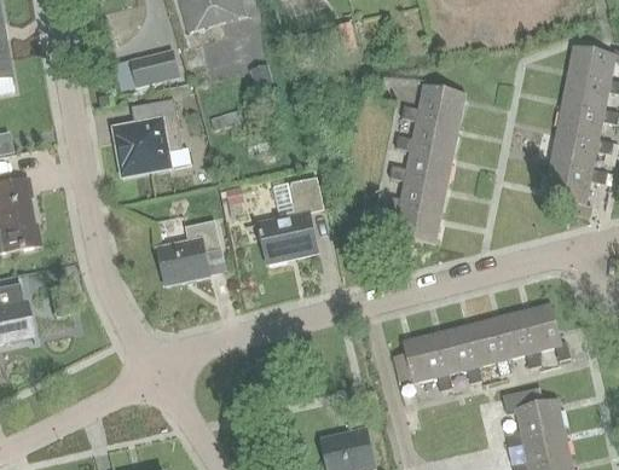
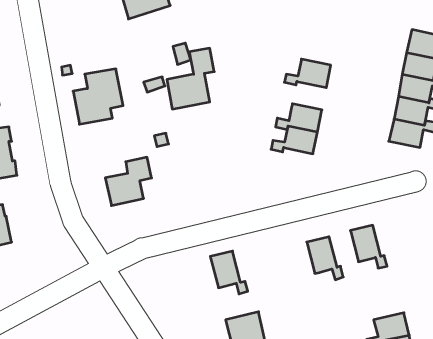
building: [128,50,179,88] -> none
building: [395,116,458,155] -> none
building: [260,178,324,260] -> [167,48,214,109]
building: [377,205,440,245] -> none
building: [521,303,569,361] -> none
building: [462,318,510,376] -> none
building: [401,333,452,391] -> [210,251,248,294]
building: [507,399,563,447] -> none

